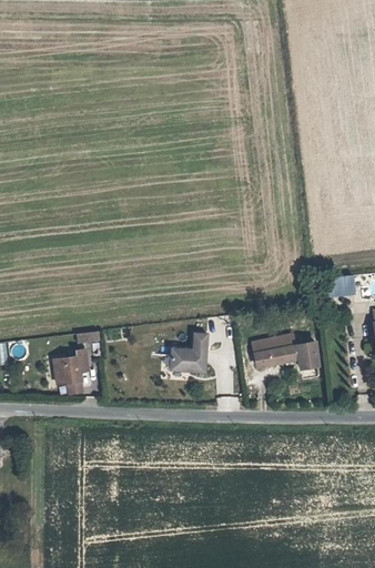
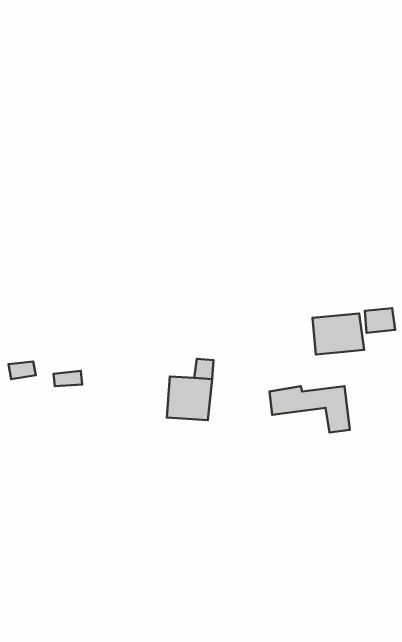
building: none -> [312,313,364,354]
building: [51,349,85,383] -> none

